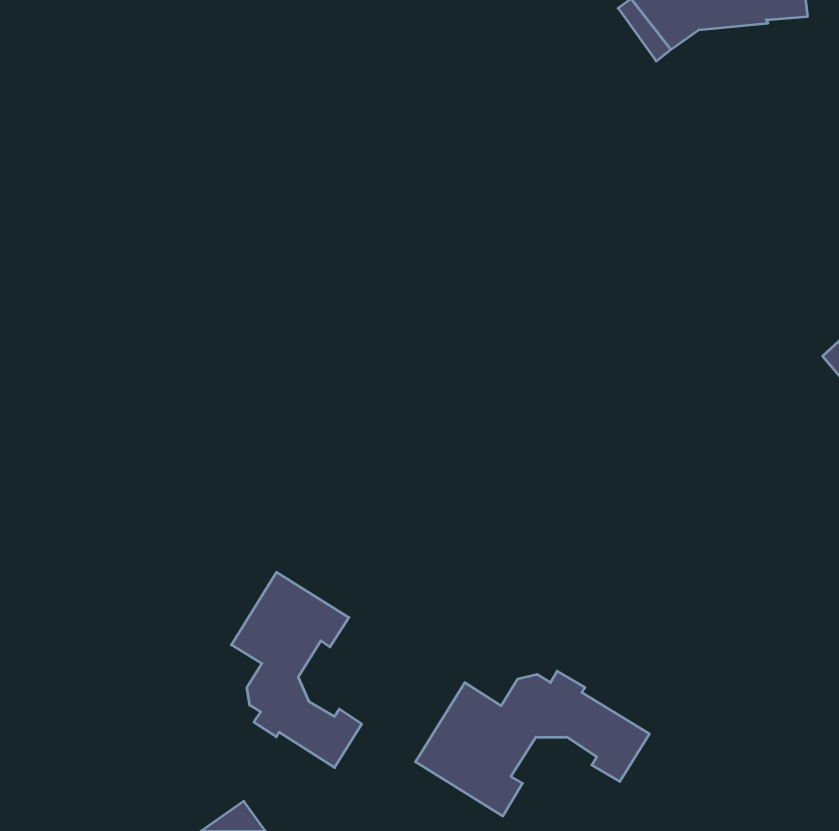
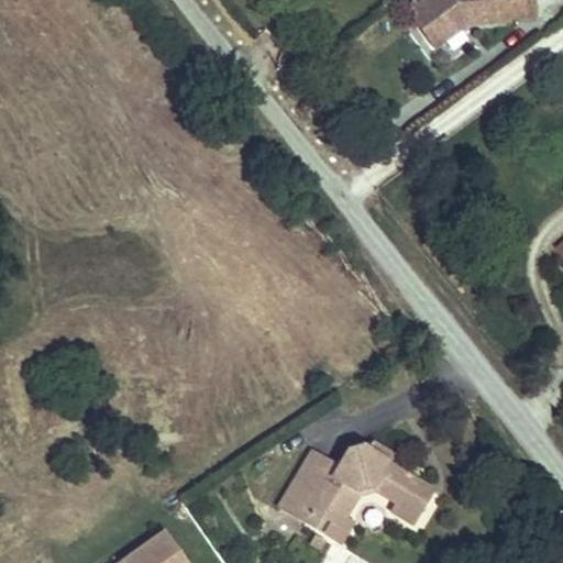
building: [231,572,362,768] -> none

